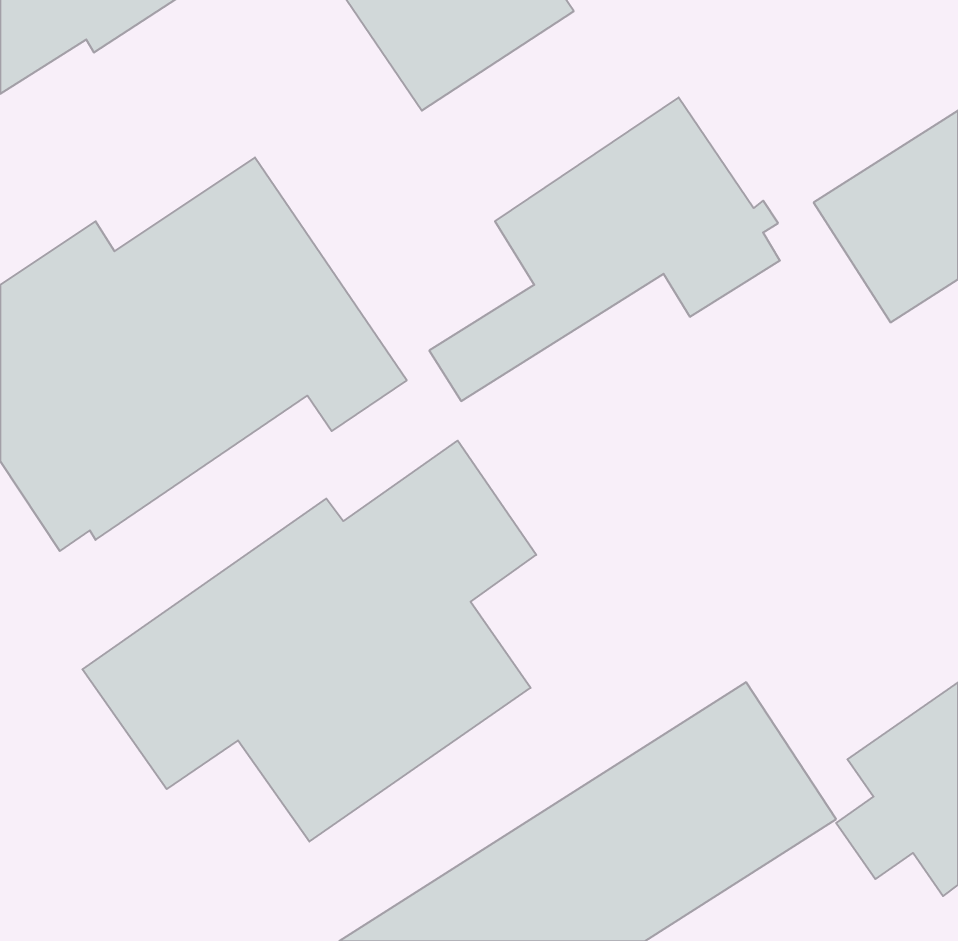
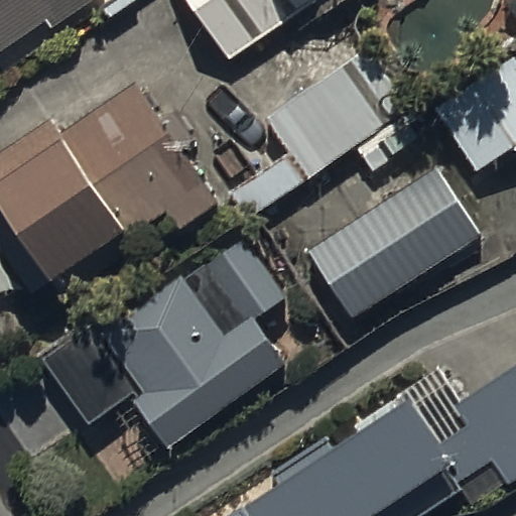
building: none -> [308,168,480,318]

